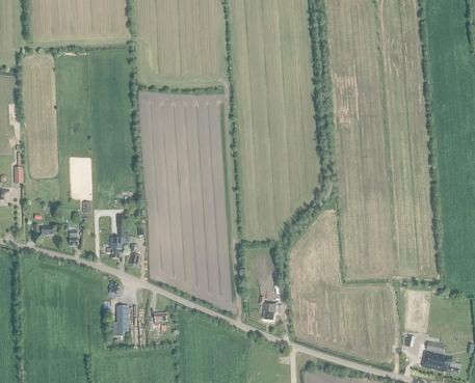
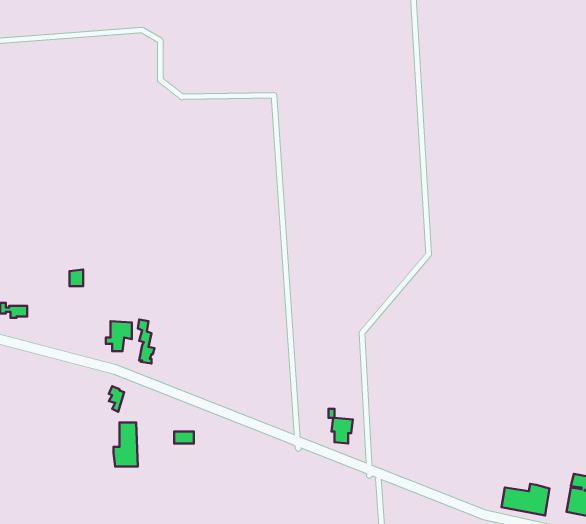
building: none -> [502,484,549,515]

